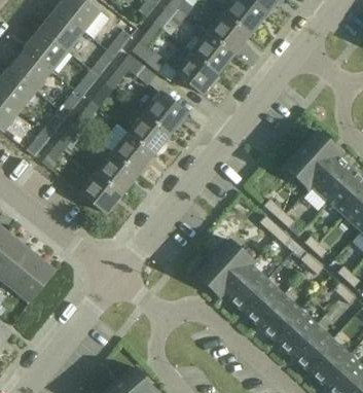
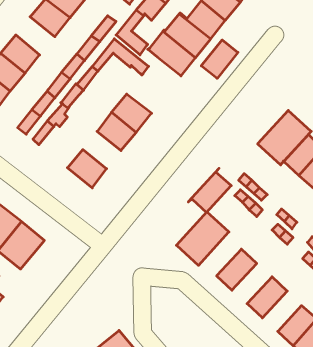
building: [24,30,66,71] -> none
building: none -> [201,40,238,78]
building: [143,92,186,134] -> none
building: [96,153,137,193] -> none
building: [220,261,266,309] -> [188,168,231,212]
building: [256,295,299,338] -> none
building: [289,325,331,368] -> none

